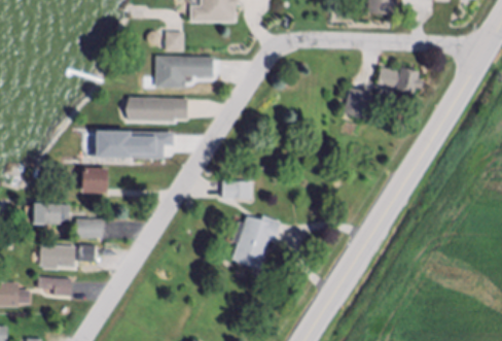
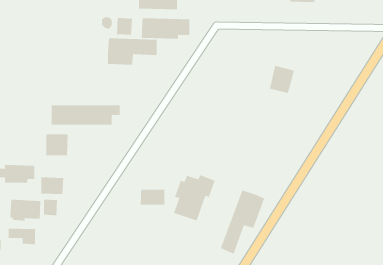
building: [377,61,424,95] -> none
building: [129,96,186,121] -> [141,18,190,39]
building: [221,180,251,199] -> [140,189,165,205]
building: none -> [220,190,265,254]

